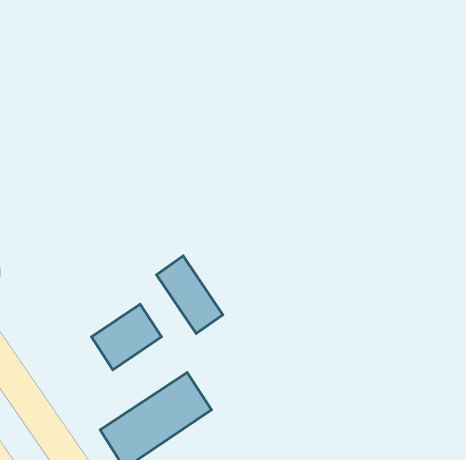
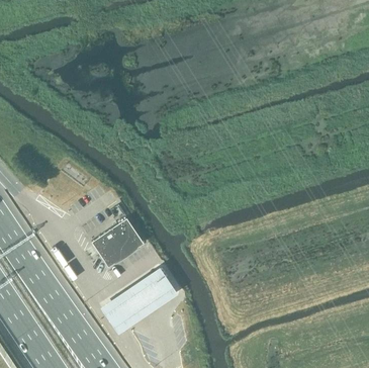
building: [156,256,223,334] -> none

